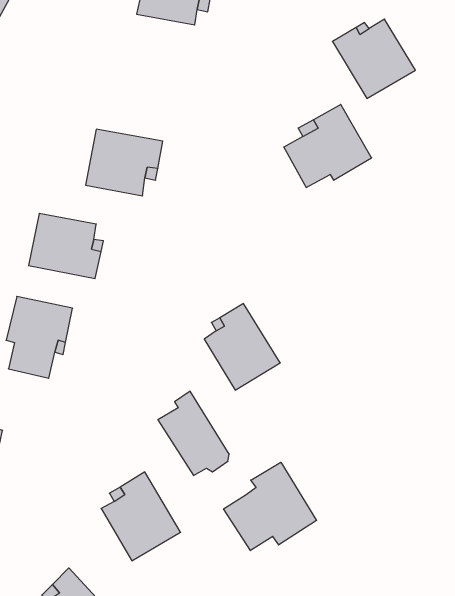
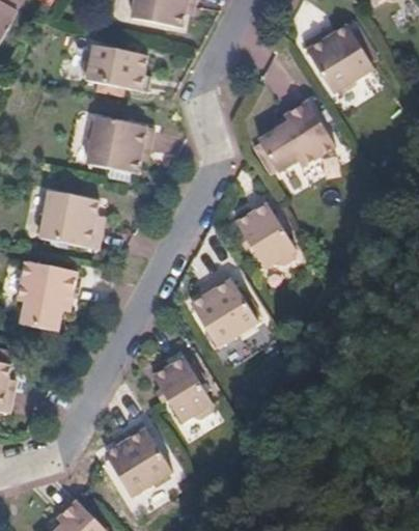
building: none -> [82,45,152,92]
building: none -> [236,192,297,264]
building: [224,462,317,551] -> none

